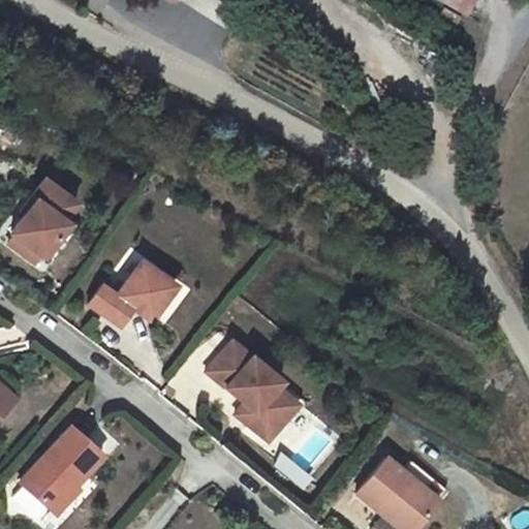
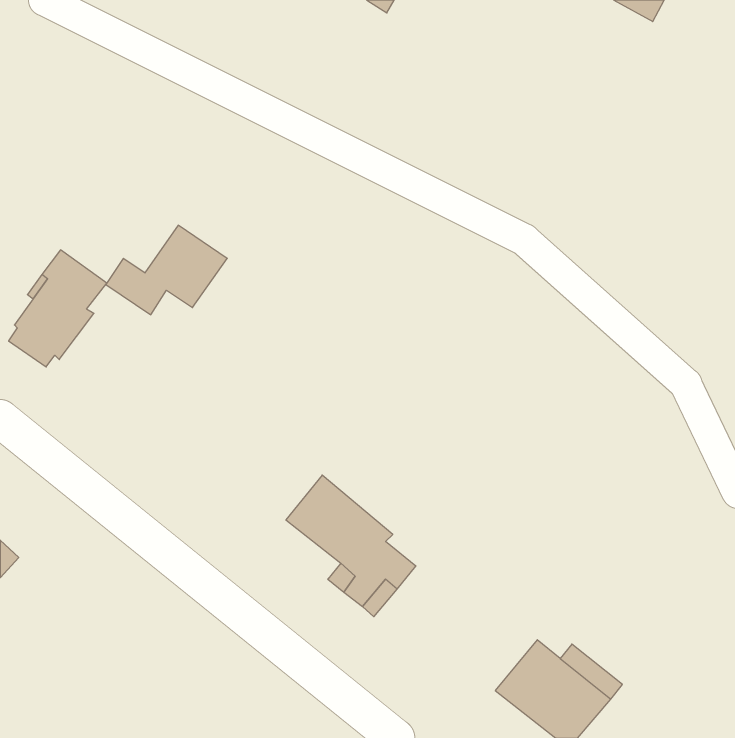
building: [90,261,177,325] -> [106,225,227,315]
building: [22,427,104,511] -> none

